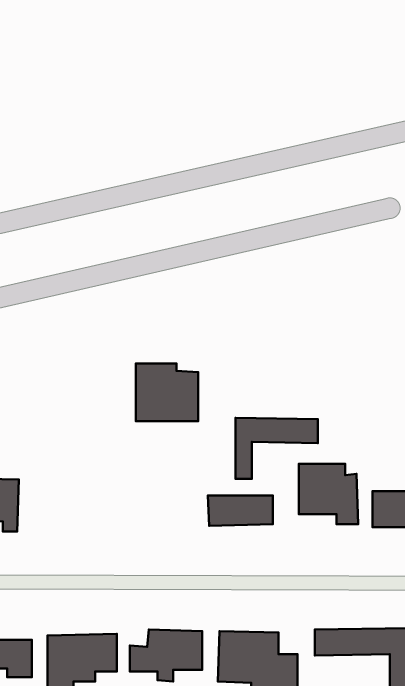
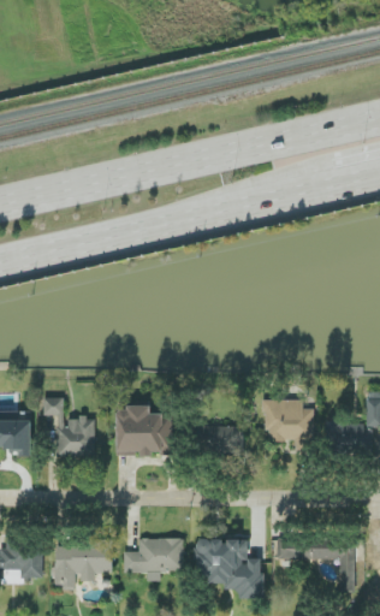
building: [136,364,198,421] -> [115,407,167,455]
building: [235,418,318,479] -> none
building: none -> [42,397,94,457]

